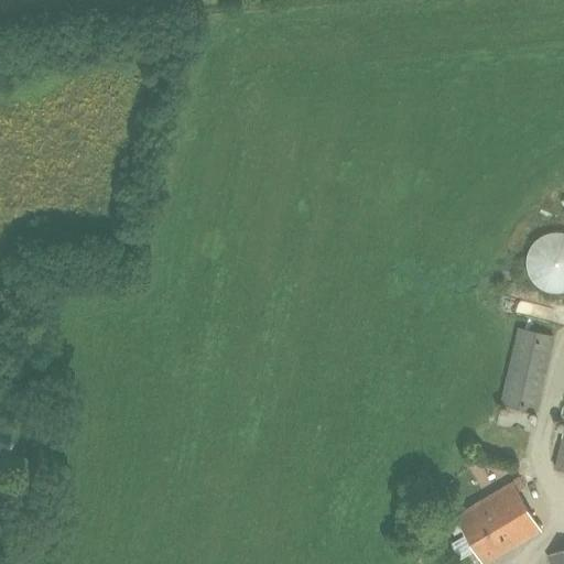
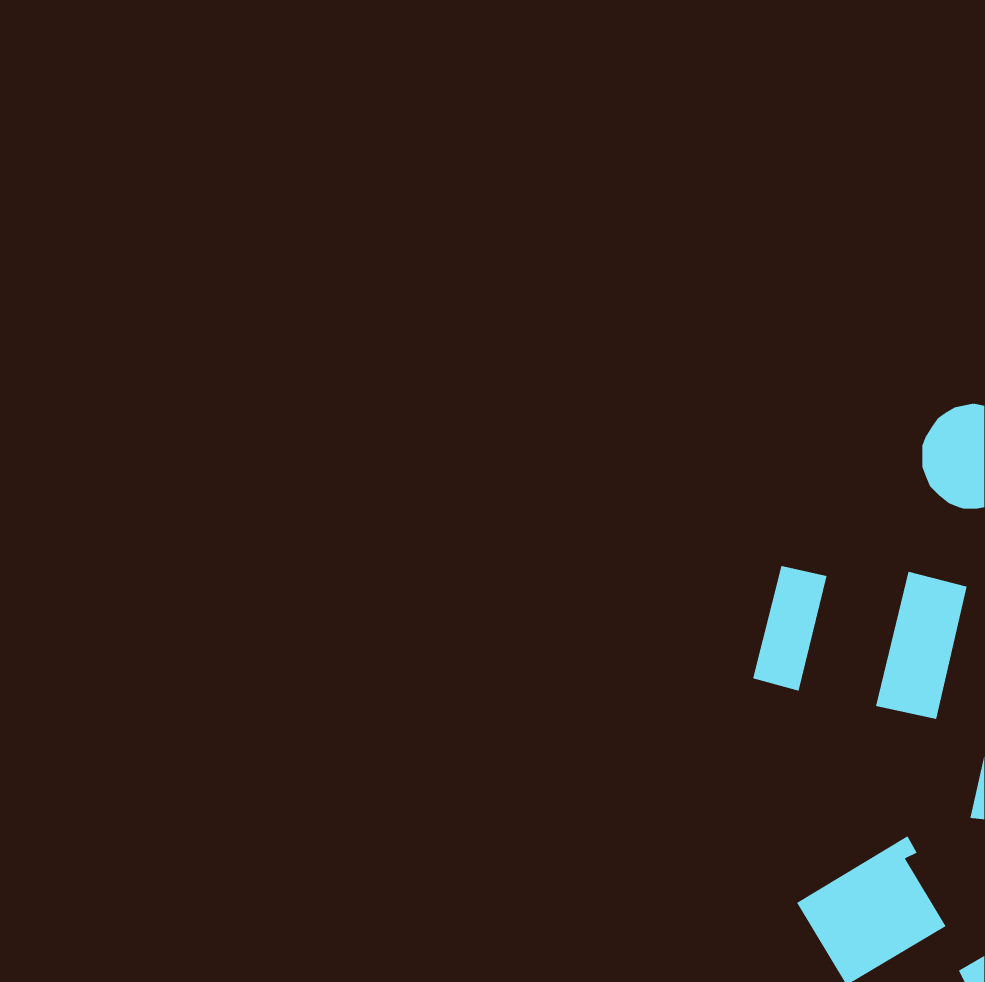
building: none -> [752,565,827,692]

